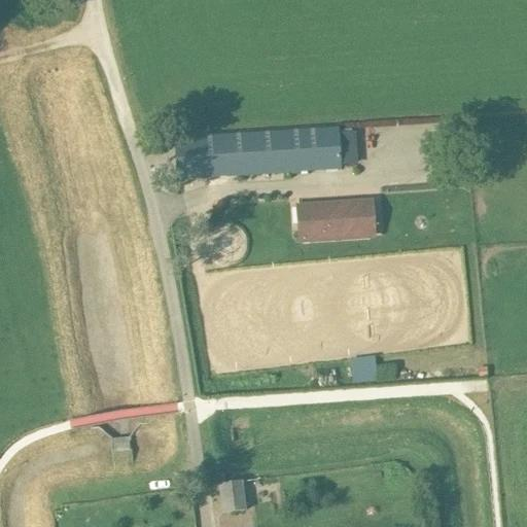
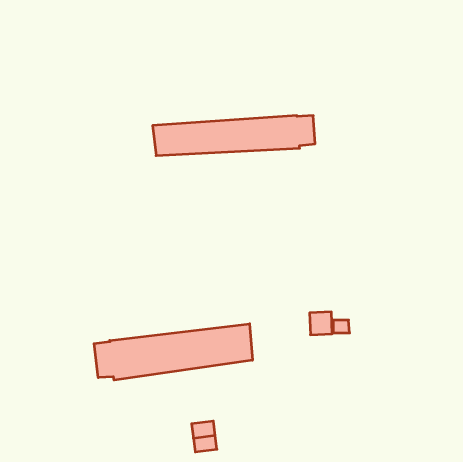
building: [300,201,376,237] -> none
building: none -> [94,324,252,380]

